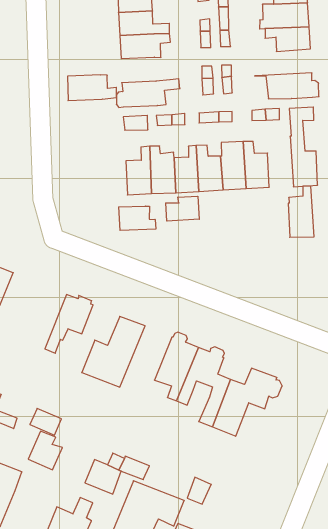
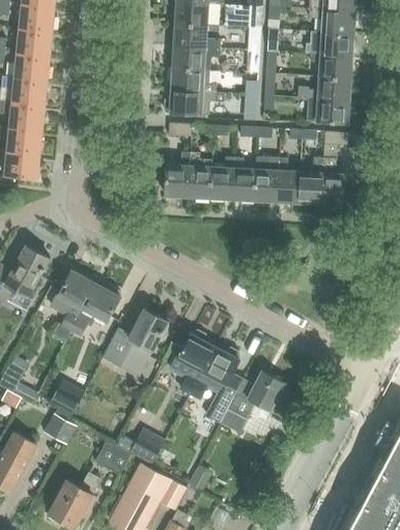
building: none -> [296,77,350,100]
building: [68,75,116,101] -> [170,67,217,92]
building: [288,186,314,237] -> [297,156,322,205]
building: [166,196,199,221] -> none
building: [119,206,156,230] -> none
building: none -> [52,270,96,342]

